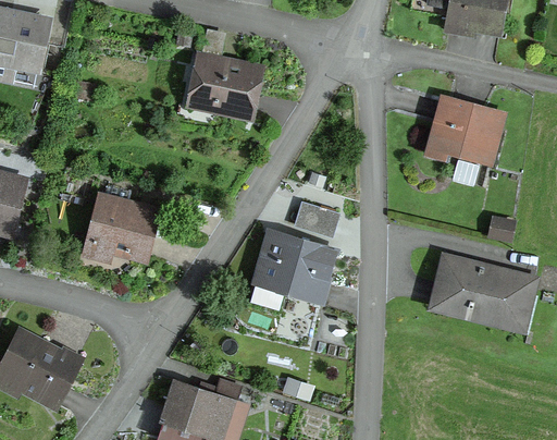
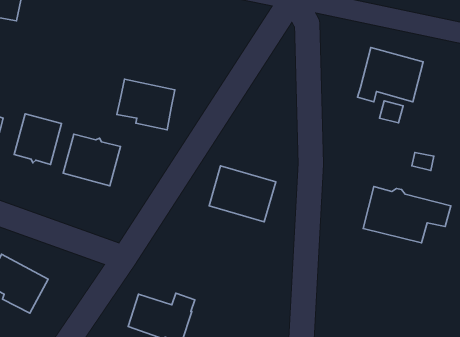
building: [190,58,257,115] -> [117,79,175,130]
building: none -> [14,114,62,164]
building: [301,205,347,241] -> none

